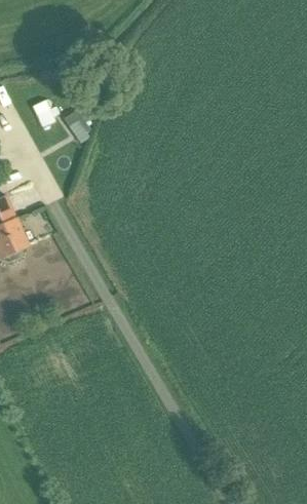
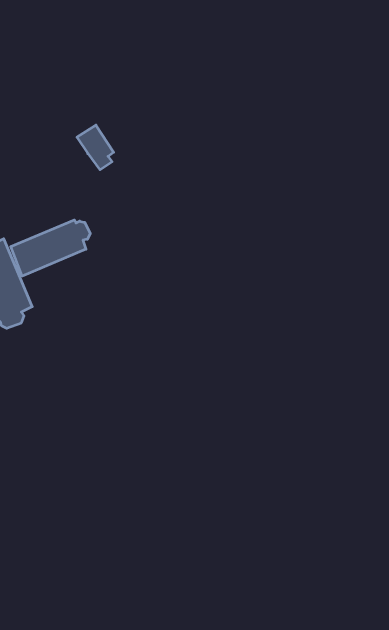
building: none -> [11,220,90,276]

